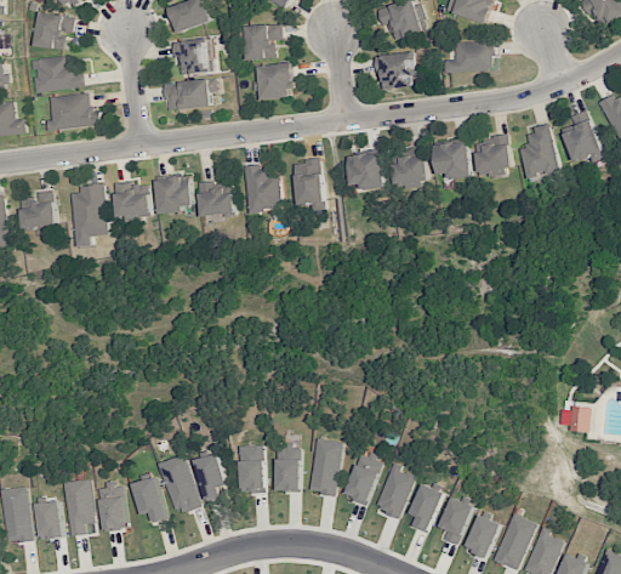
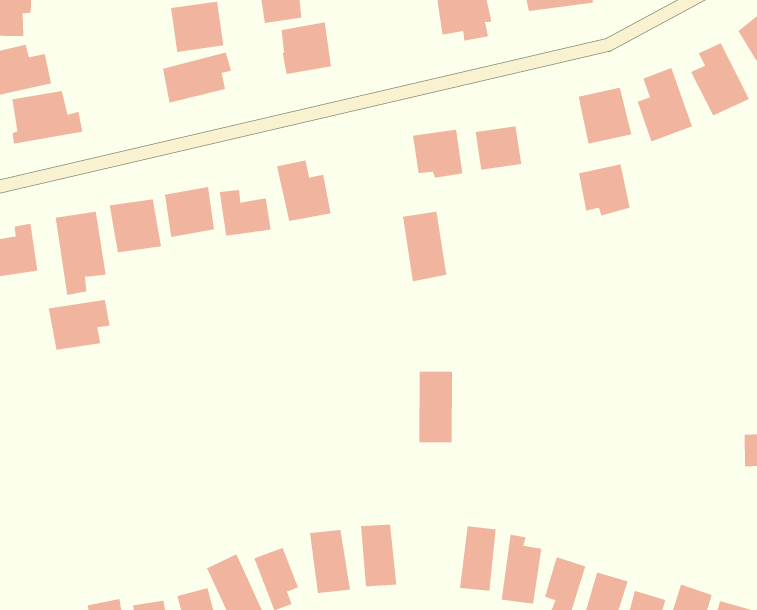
building: [434,142,471,180] -> [578,164,631,216]
building: [294,160,323,211] -> [402,211,447,282]
building: none -> [48,299,110,351]
building: [309,439,341,495] -> [418,371,453,443]

